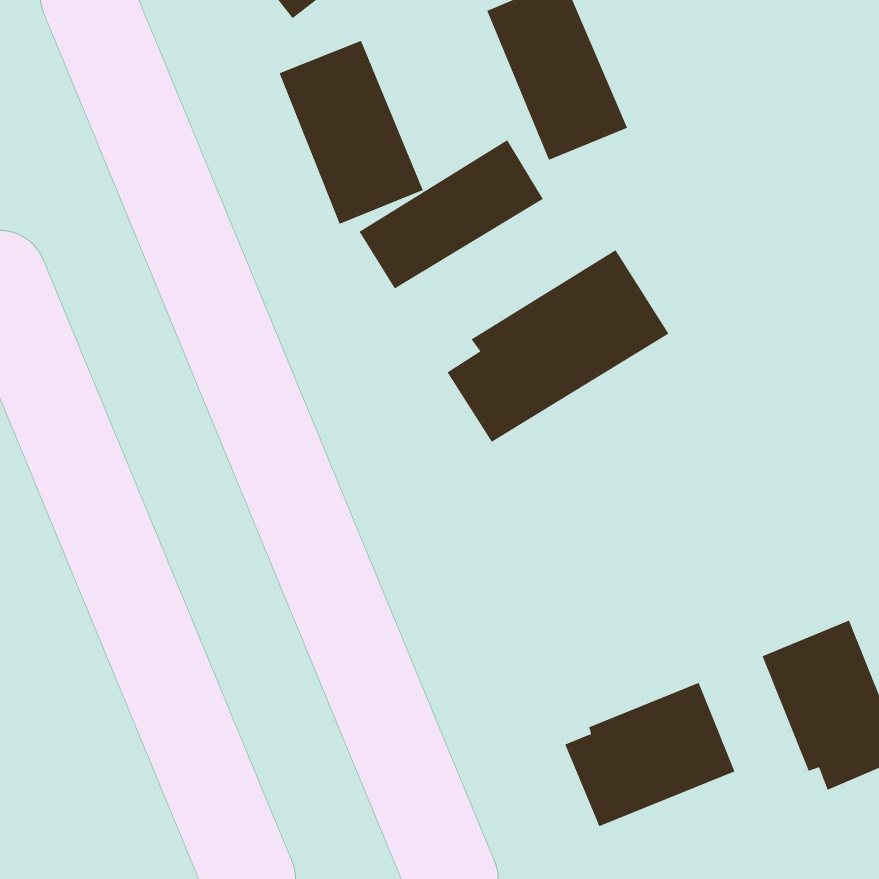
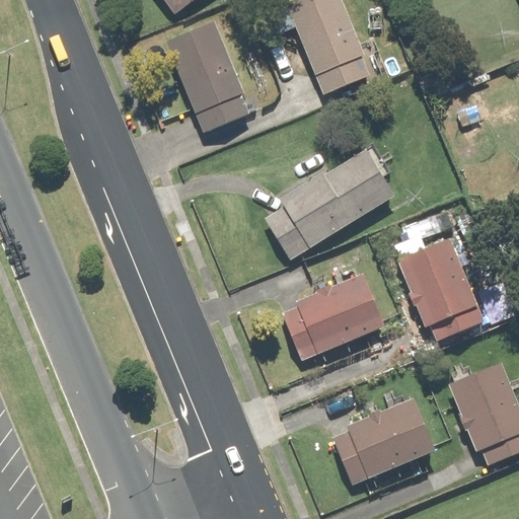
building: [358,139,544,290] -> none
building: none -> [395,236,485,341]
building: none -> [283,275,385,360]

